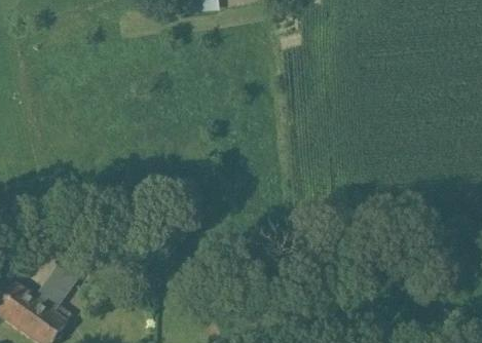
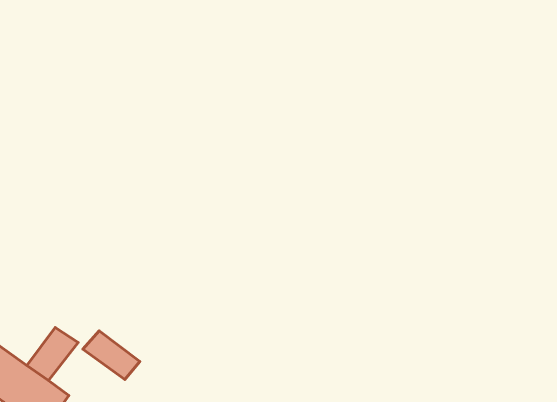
building: none -> [83,331,140,379]

